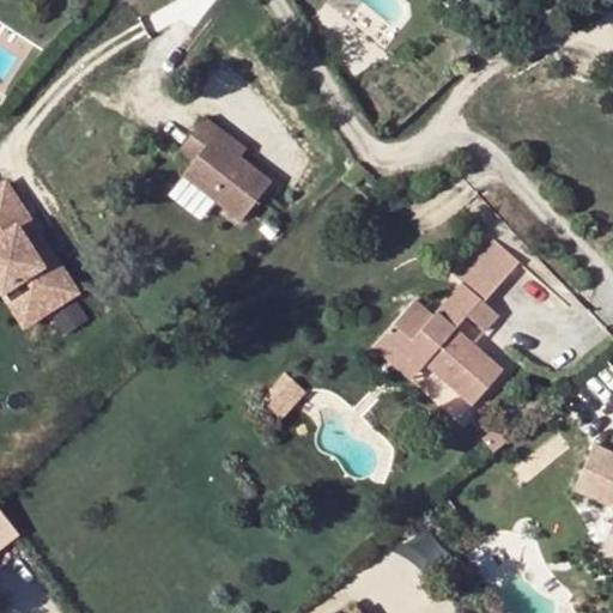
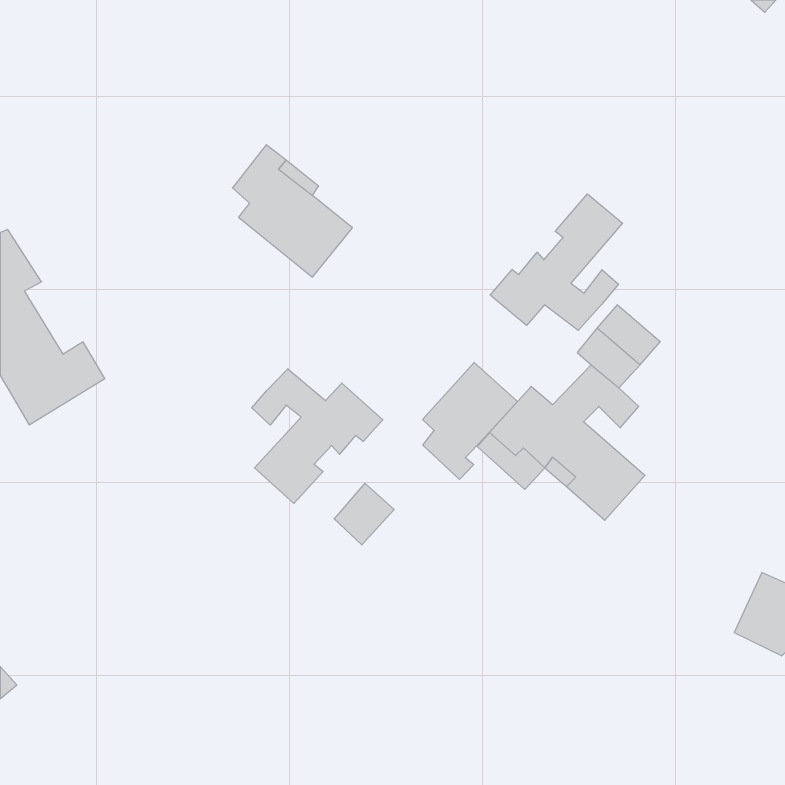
building: none -> [490,194,623,330]
building: none -> [423,362,517,479]
building: none -> [252,369,383,503]

